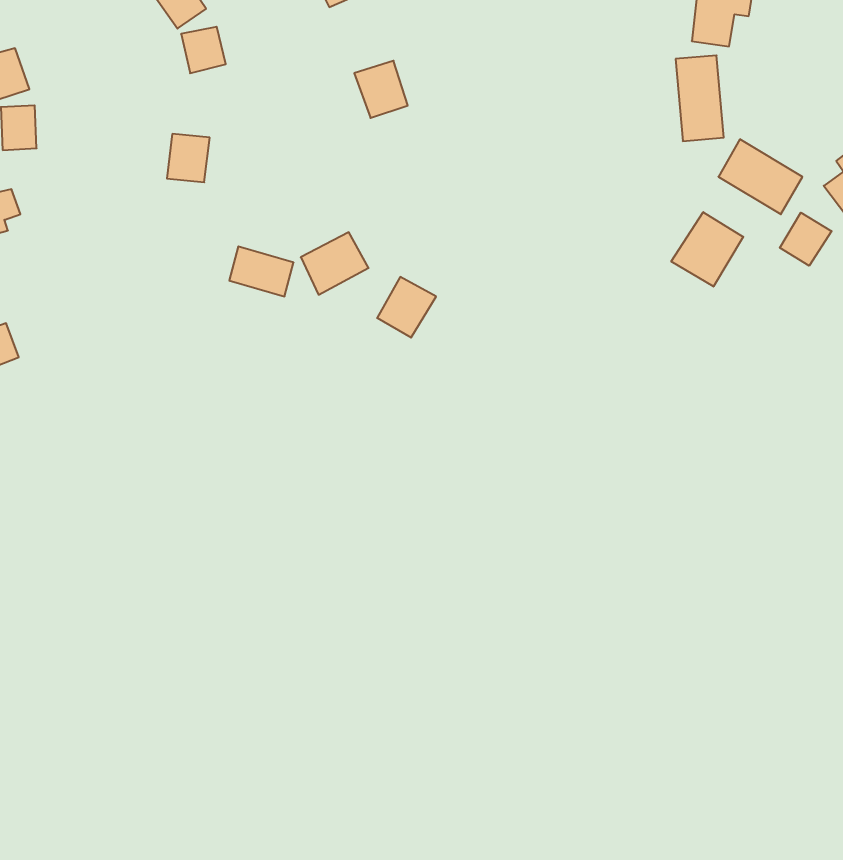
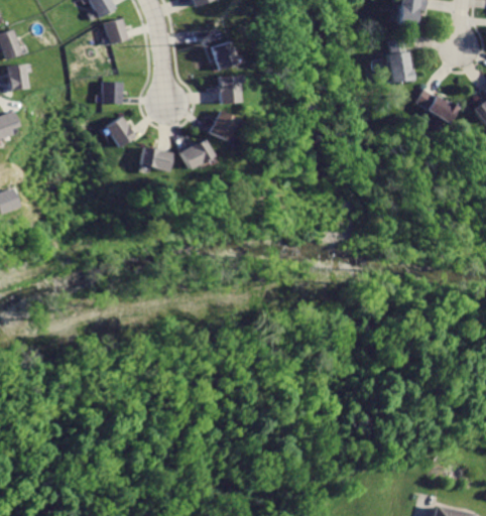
building: none -> [216,76,239,104]
building: none -> [106,113,137,146]
building: [671,212,743,287] -> none
building: [780,213,832,266] -> none
building: [377,277,436,338] -> [205,109,238,143]

